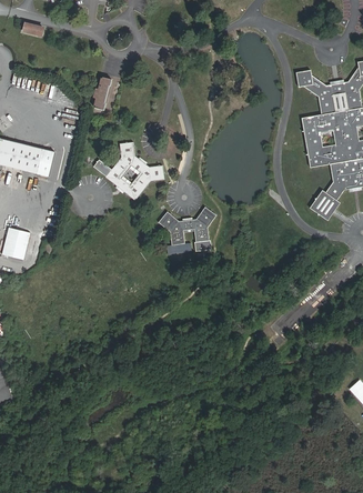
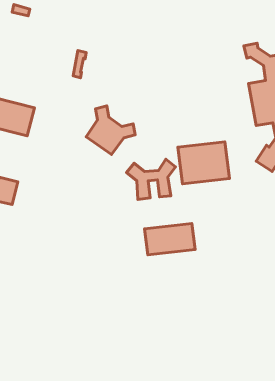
building: none -> [178,142,229,184]
building: none -> [144,223,195,255]

